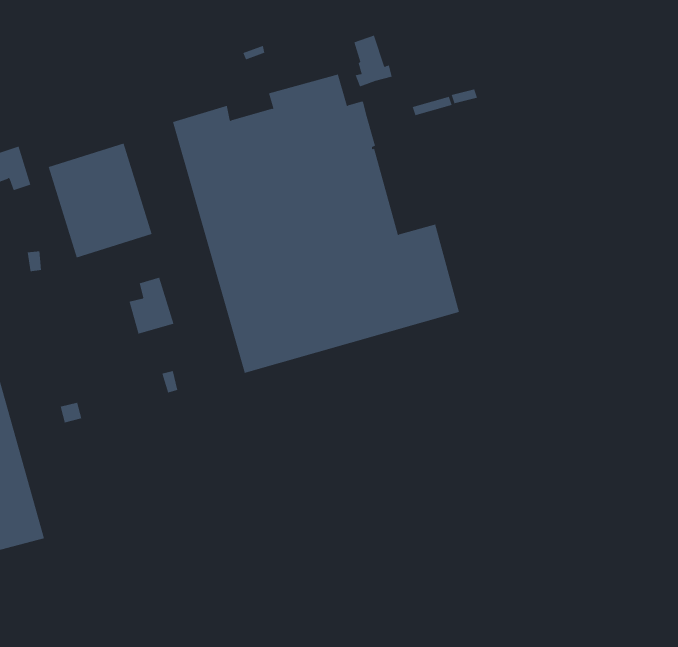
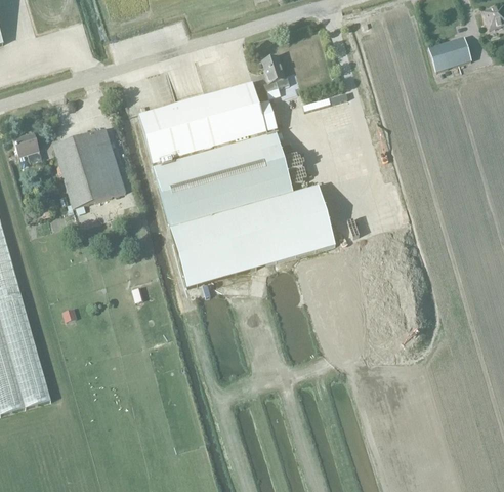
building: none -> [427,36,469,71]
building: [129,277,174,334] -> none

